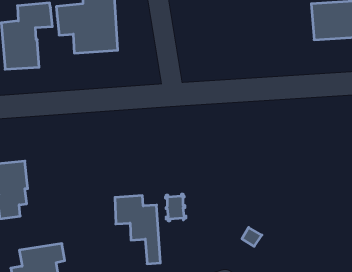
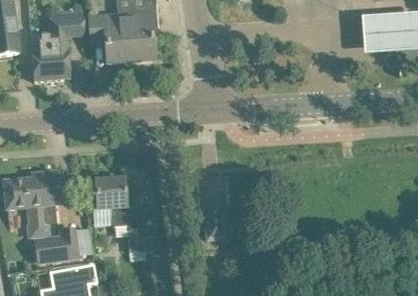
building: [115,196,160,264] -> [95,179,144,251]
building: none -> [35,226,83,263]

